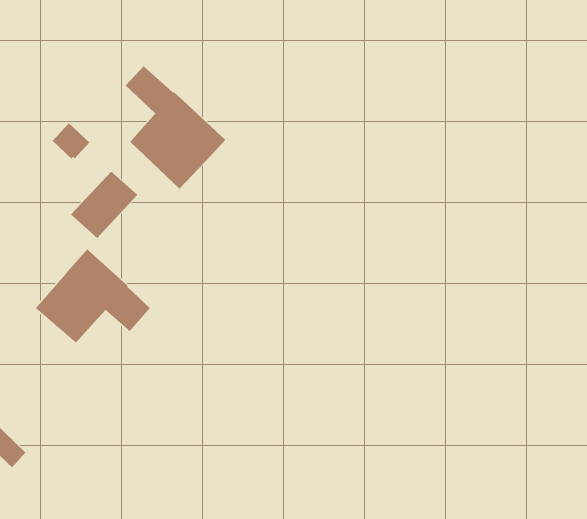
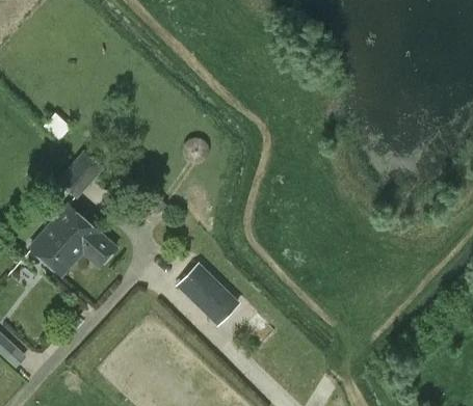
building: [125,65,226,190] -> none
building: none -> [176,263,240,326]

